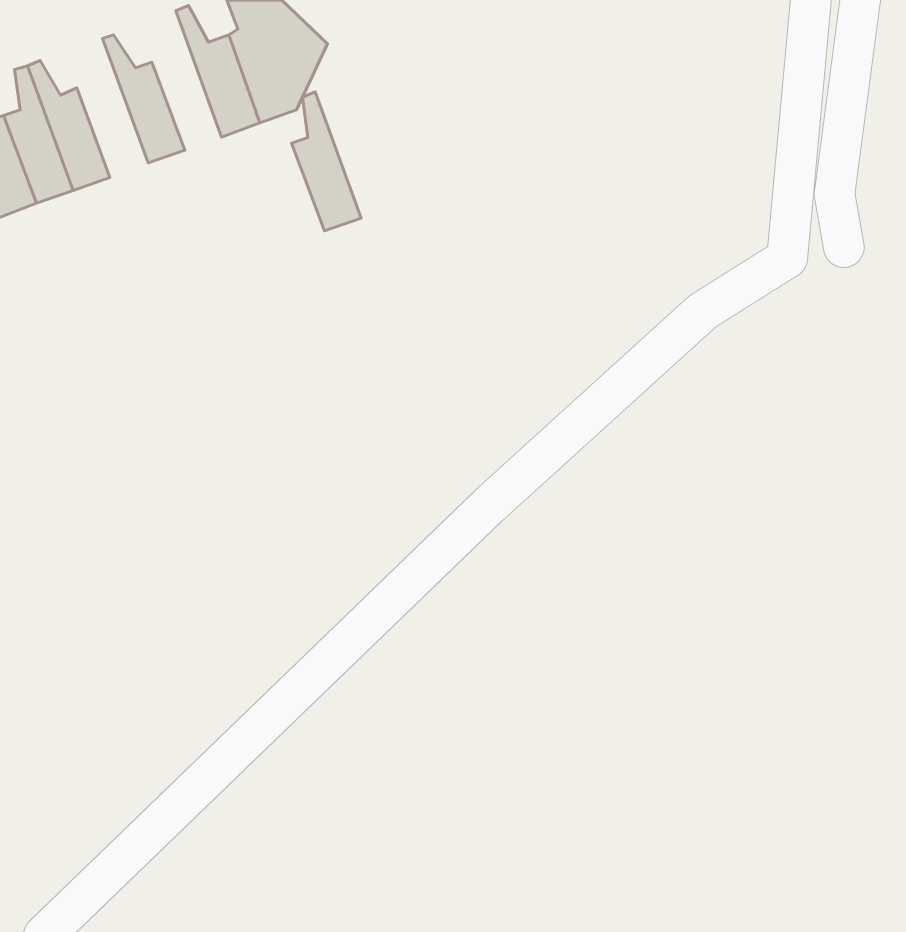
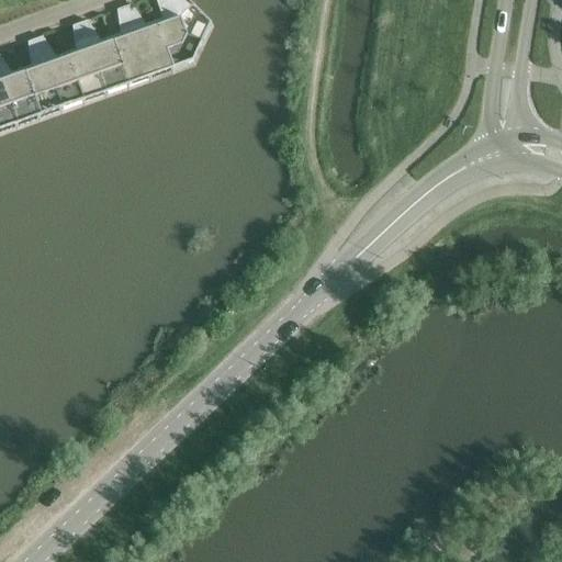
building: none -> [46,25,89,109]
building: [291,92,361,231] -> [91,9,133,92]

